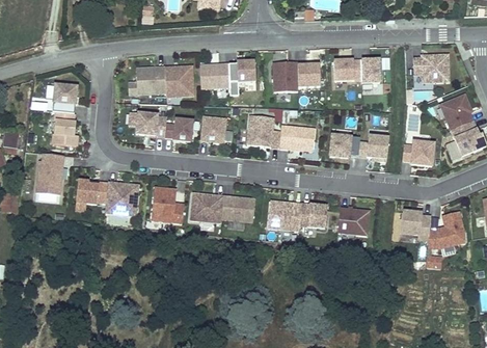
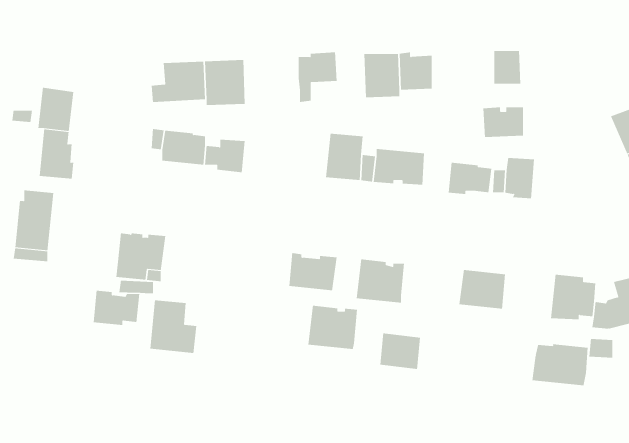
building: [412,54,448,82] -> none
building: [332,59,360,80] -> [483,107,524,137]
building: [198,63,228,87] -> none
building: [198,116,225,142] -> none
building: [402,141,433,166] -> none
building: [75,181,107,205] -> [93,290,140,325]
building: [151,187,183,223] -> [150,300,197,354]
building: [189,193,223,223] -> [307,305,358,349]
building: [298,204,326,229] -> [379,333,421,370]
building: none -> [532,343,588,386]

